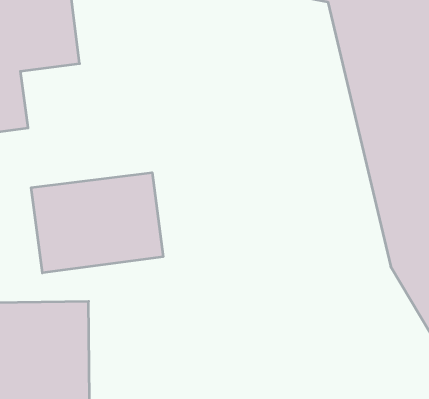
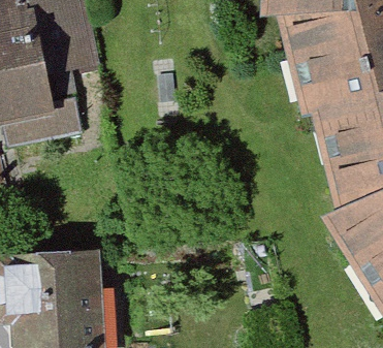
building: [31,173,163,273] -> none

